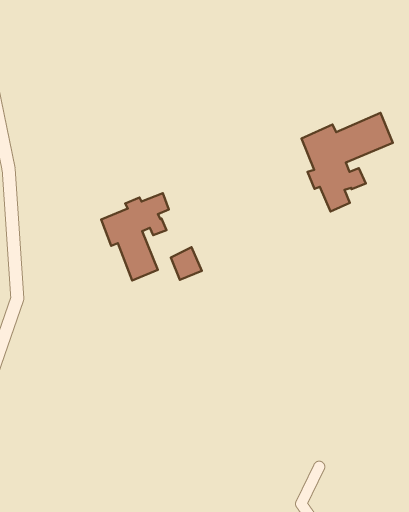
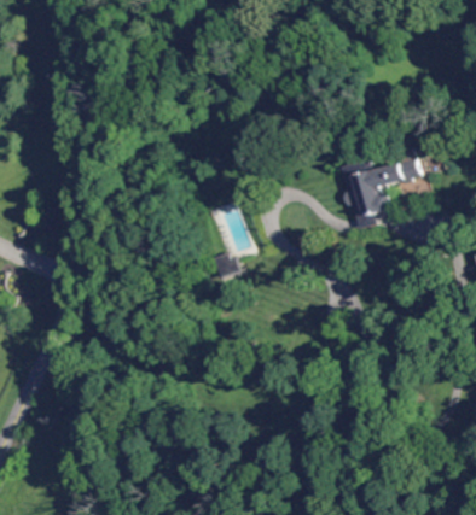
building: [101,193,169,280] -> none

